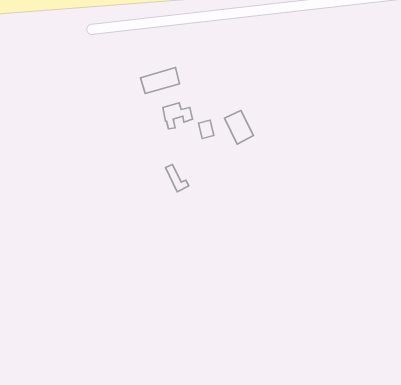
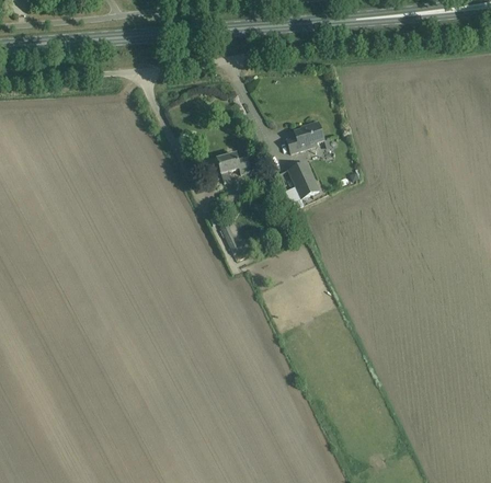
building: [140,67,179,94] -> none
building: none -> [285,120,323,152]

